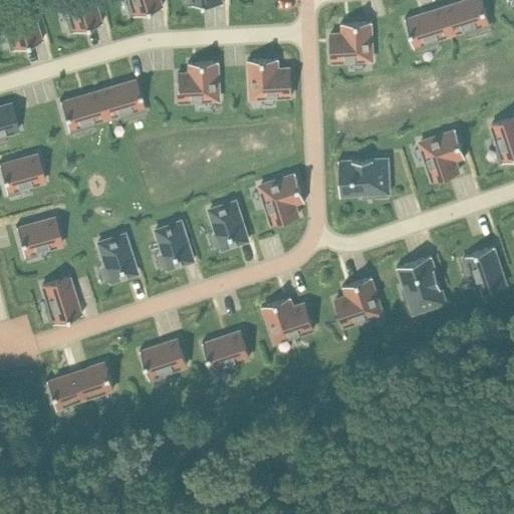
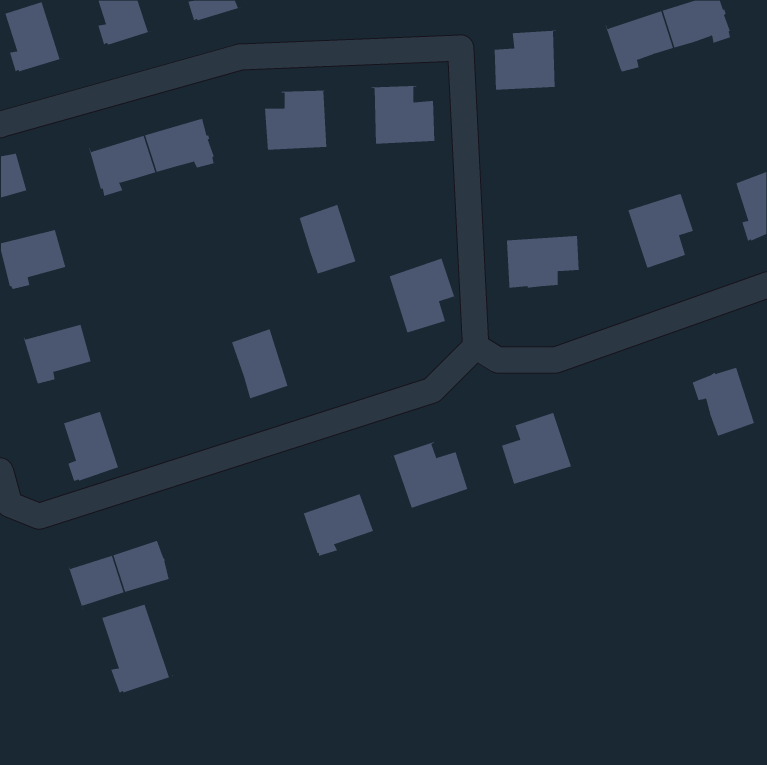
building: [210,201,249,248] -> [299,204,358,275]
building: [97,234,137,281] -> none
building: [397,255,445,309] -> none
building: [140,339,187,381] -> none
building: none -> [101,604,174,694]

